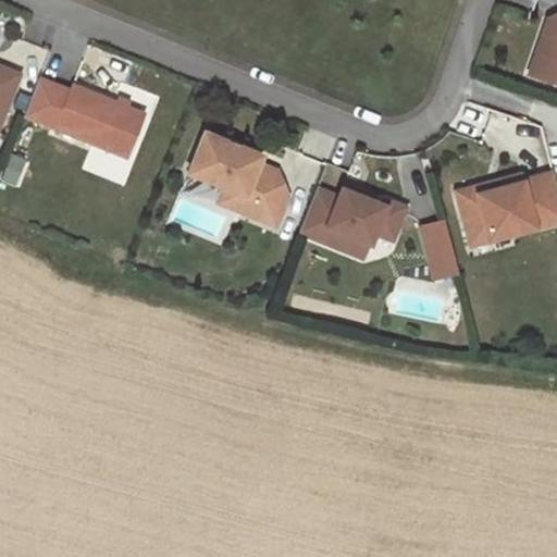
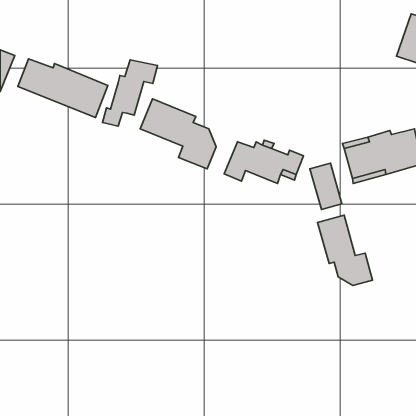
building: none -> [102,60,158,126]
building: none -> [318,215,372,286]

